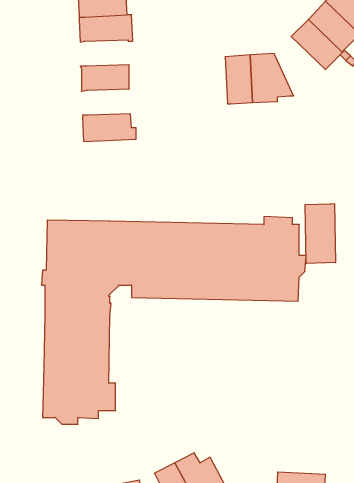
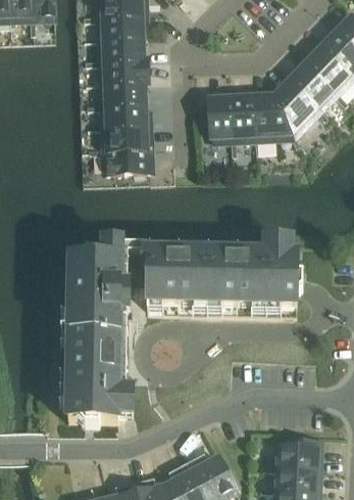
building: none -> [275,79,321,132]
building: none -> [102,82,146,105]
building: none -> [200,93,234,140]
building: none -> [103,126,147,149]
building: [305,204,335,264] -> none
building: none -> [279,439,322,471]

